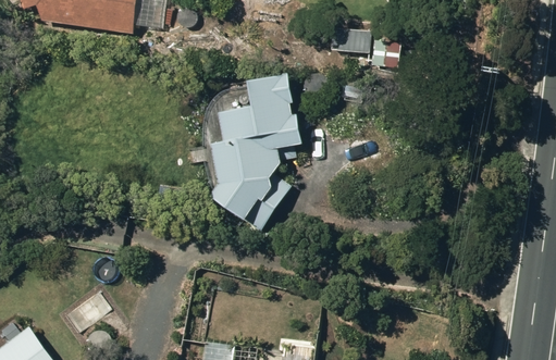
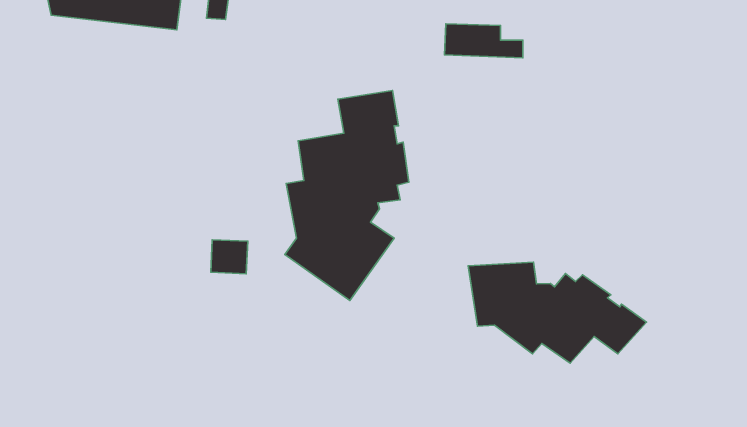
building: none -> [468,262,646,363]

